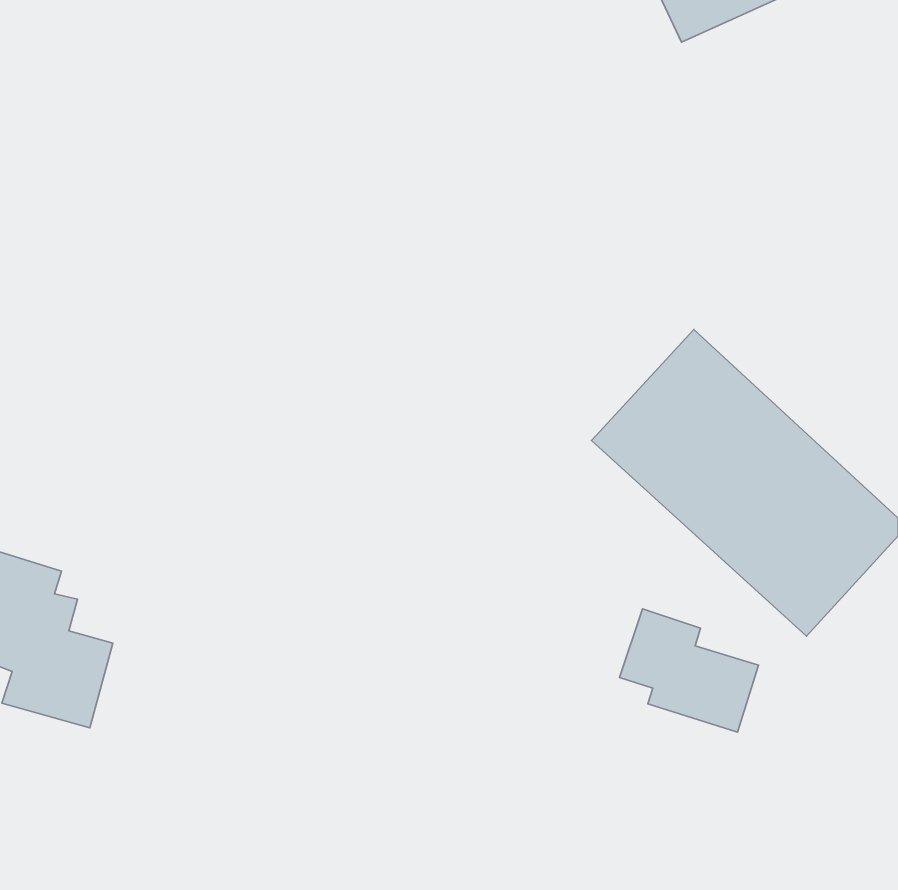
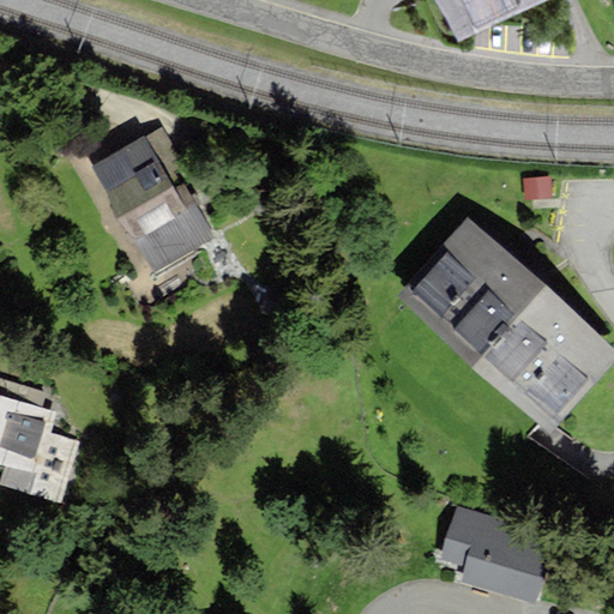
building: none -> [97,130,211,263]
building: [620,609,759,732] -> [444,506,538,590]

